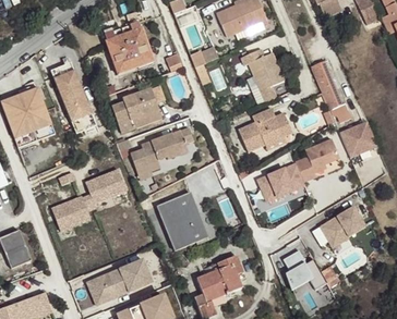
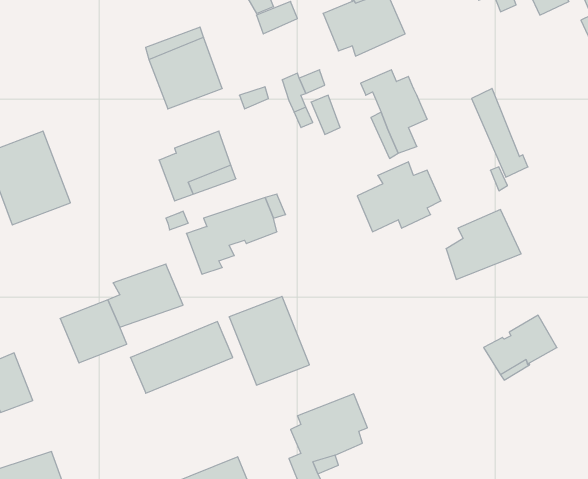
building: [51,61,97,133] -> none
building: [339,120,378,159] -> none
building: [256,162,304,203] -> none
building: [282,249,327,289] -> none
building: [86,259,152,305] -> [130,322,233,393]

